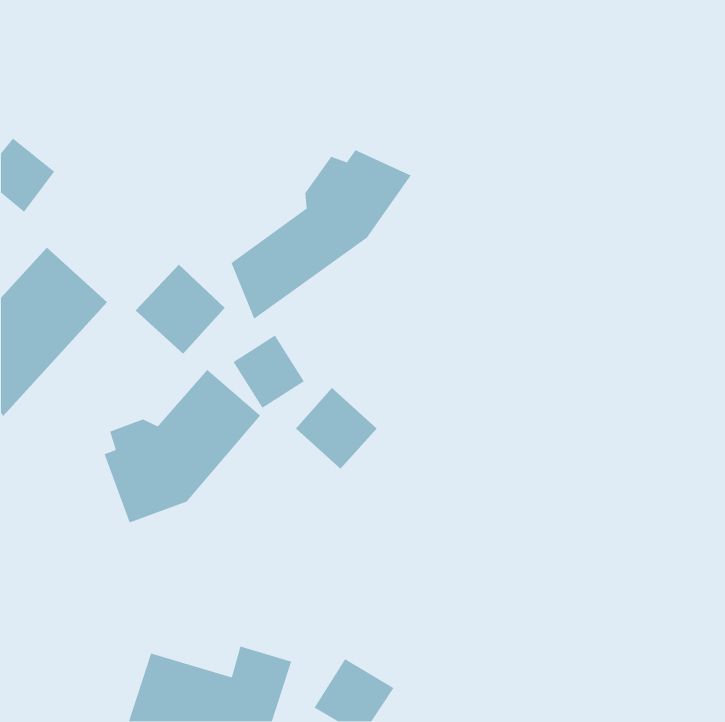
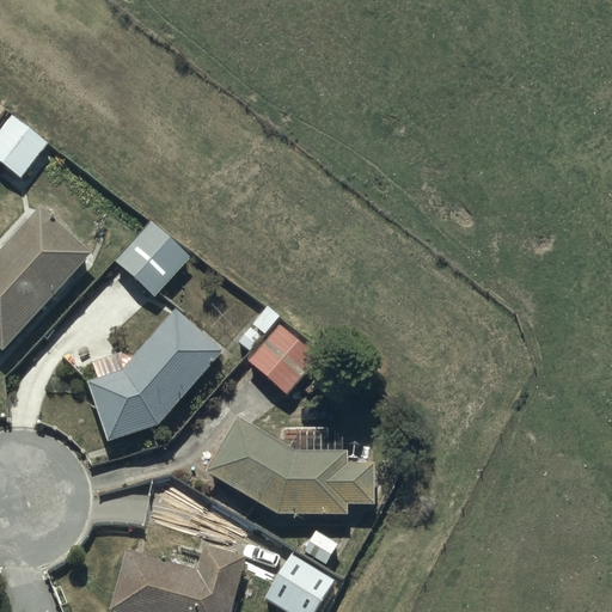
building: [230,149,412,320] -> none
building: [232,335,305,409] -> none
building: none -> [206,417,373,515]

